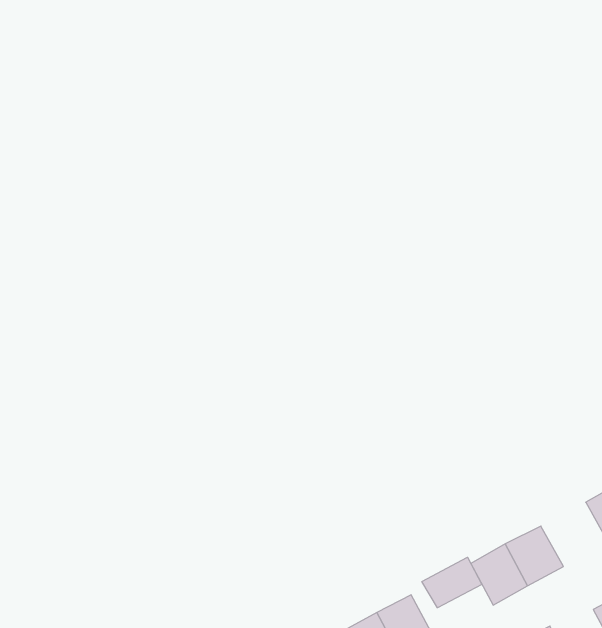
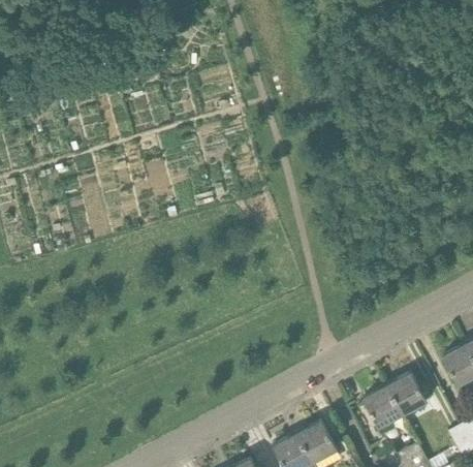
building: [422,557,482,608] -> none

